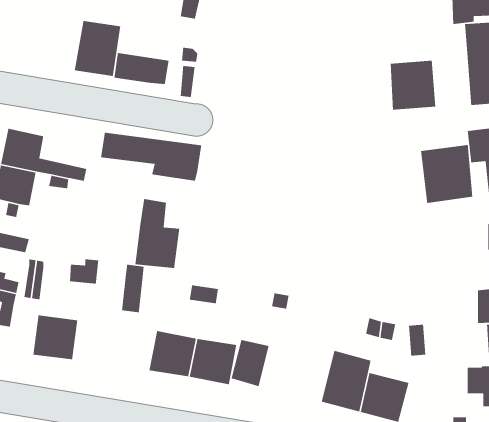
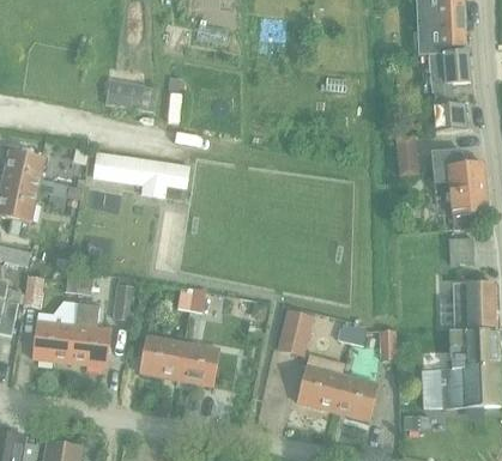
building: [74,20,121,77] -> none
building: [390,60,436,111] -> none
building: [420,144,473,204] -> none
building: [134,198,180,269] -> [69,302,111,366]
building: [230,339,270,387] -> [277,311,313,356]

